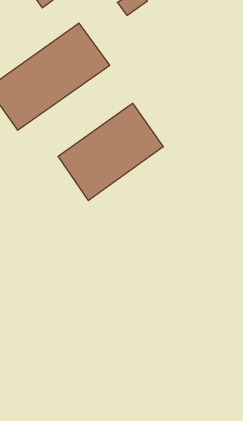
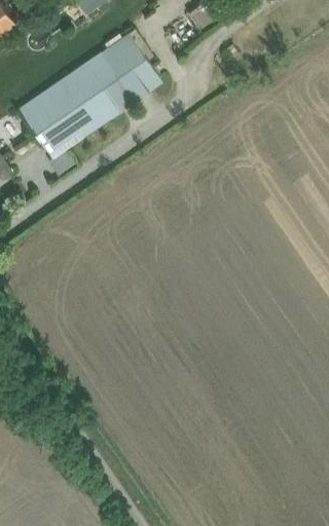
building: [58,103,163,201] -> none

